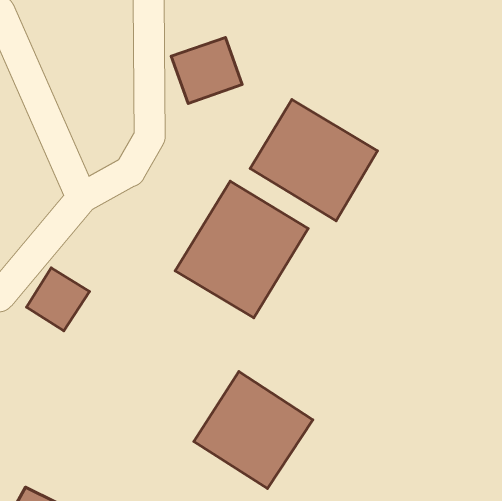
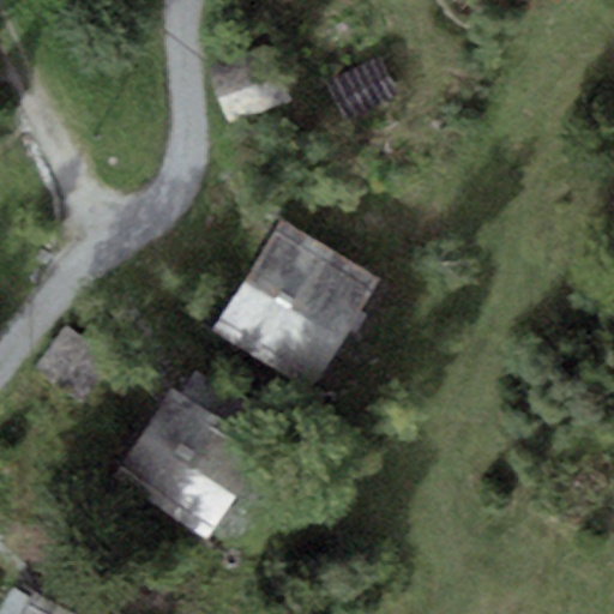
building: [250,99,378,221] -> none
building: [194,371,313,489] -> [114,392,259,535]

